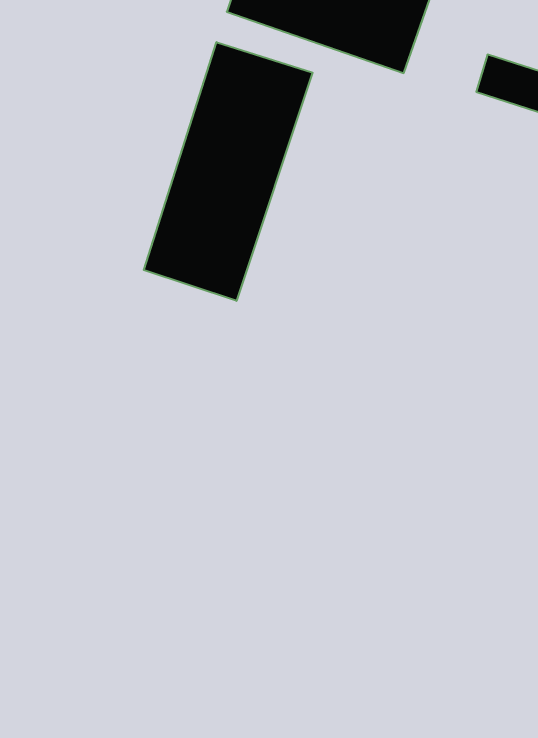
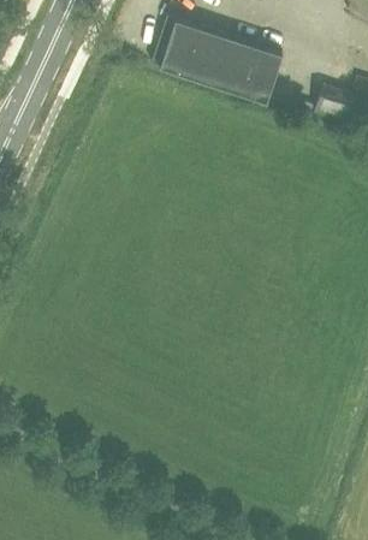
building: [144,42,313,301] -> none

